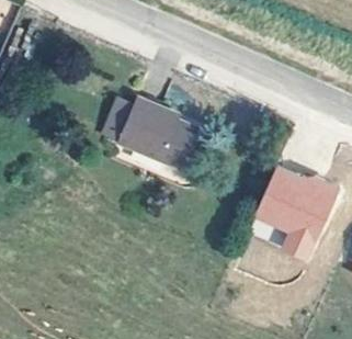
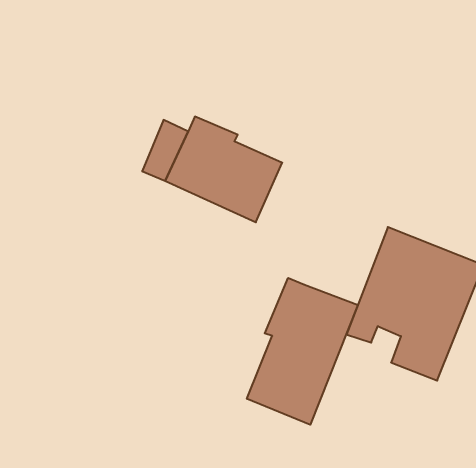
building: none -> [247,278,358,425]

